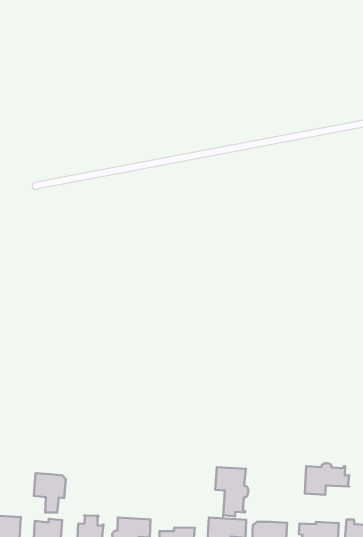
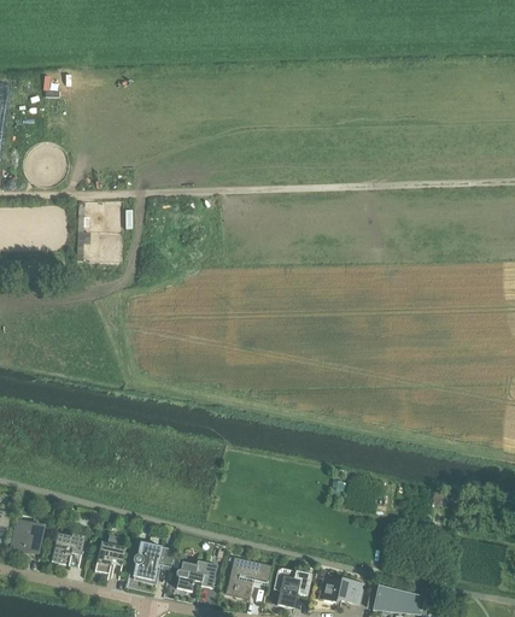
building: [305,463,349,495] -> none
building: [215,467,249,516] -> none
building: [34,473,66,512] -> none

